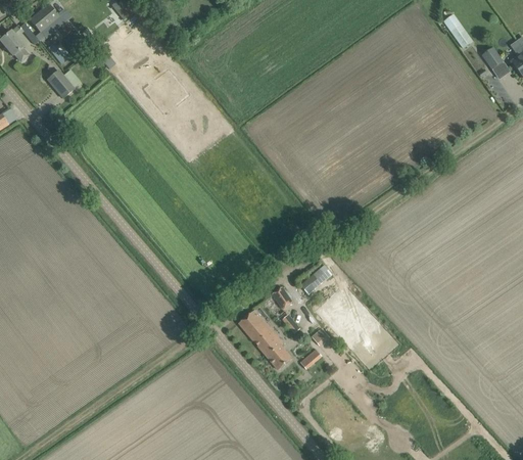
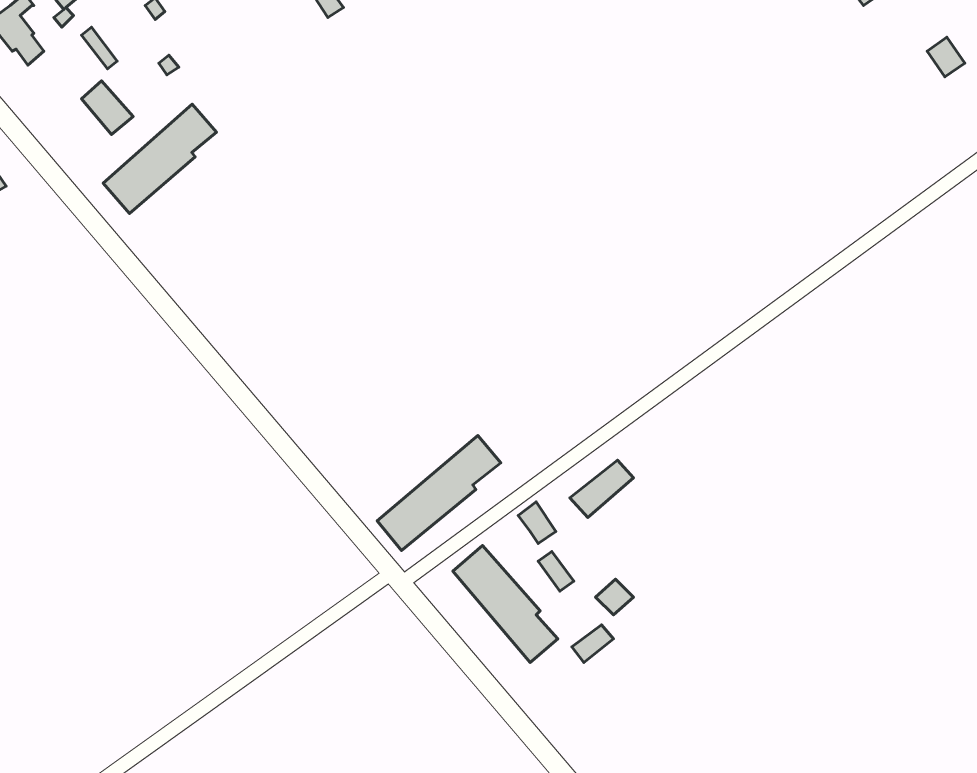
building: none -> [103,104,217,213]
building: none -> [377,435,501,551]

